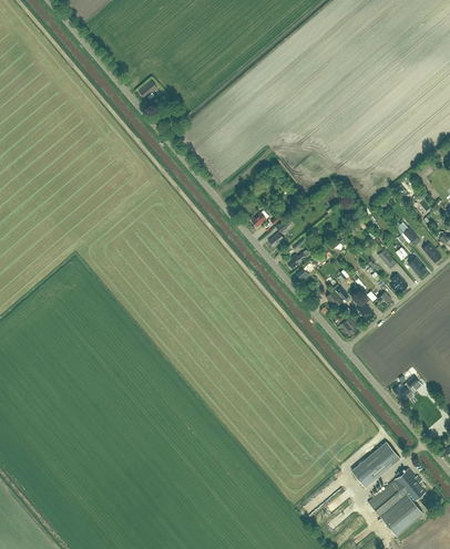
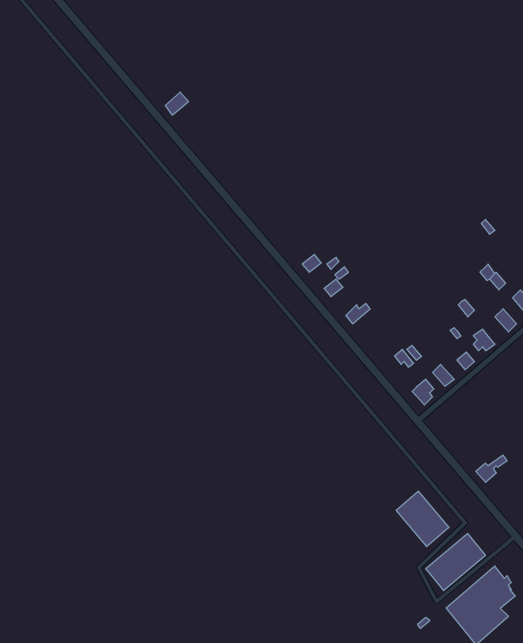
building: none -> [396,491,449,547]

